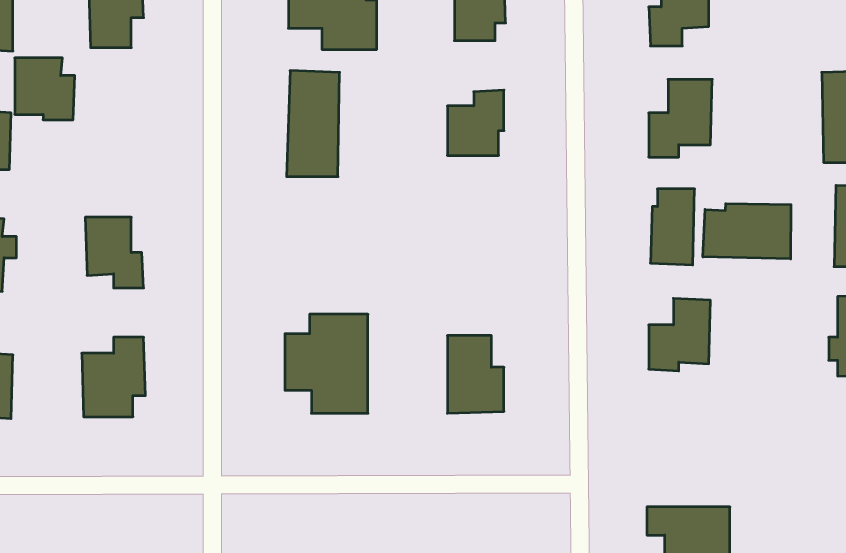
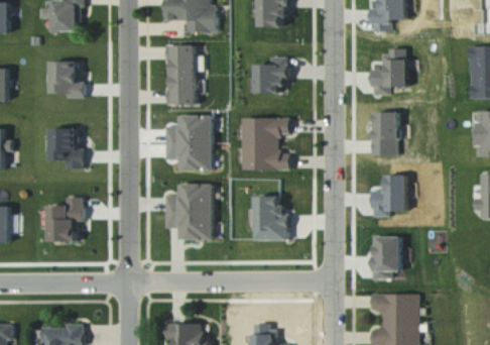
building: [15,58,75,120] -> [50,62,85,97]
building: none -> [164,115,212,169]
building: none -> [243,117,291,169]
building: [703,204,791,259] -> none
building: none -> [372,236,402,278]

